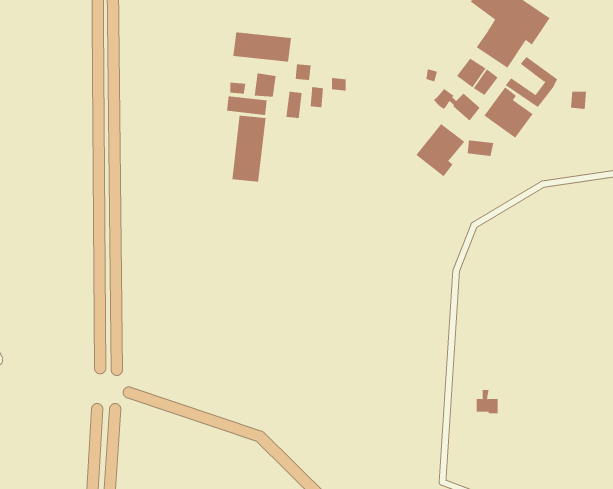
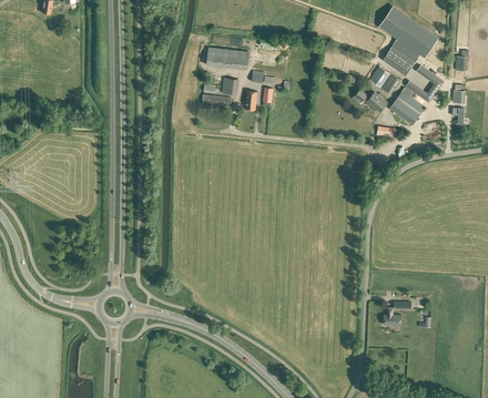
building: [232,115,266,183] -> none
building: [415,123,465,177] -> none

